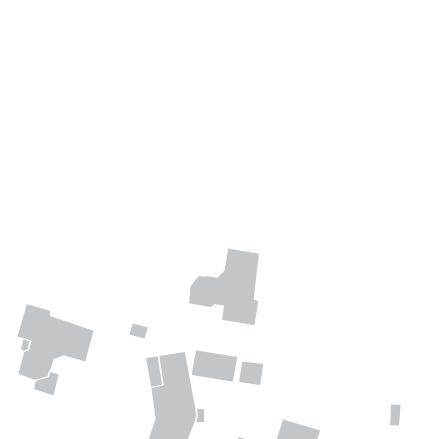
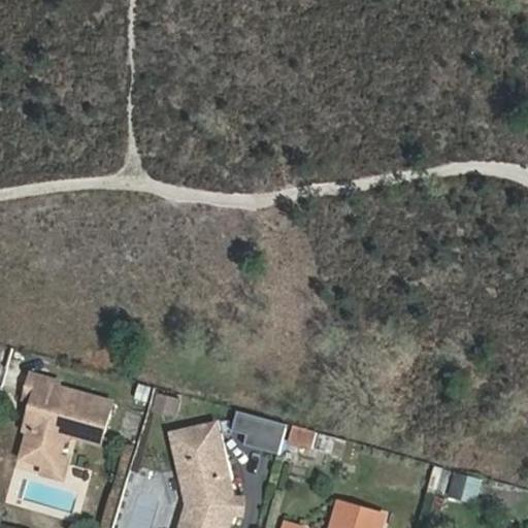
building: [188,248,259,326] -> none

